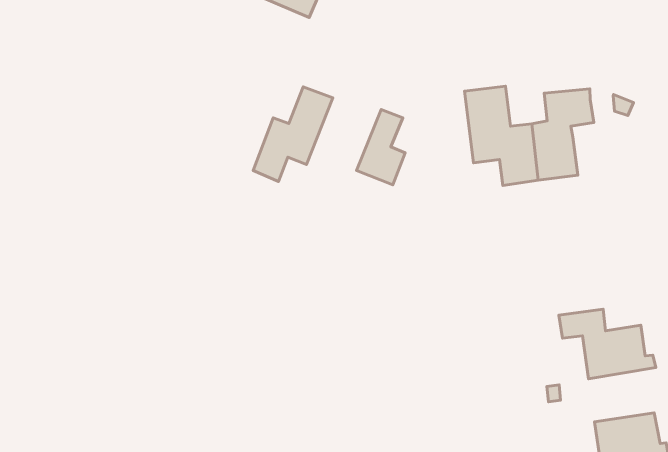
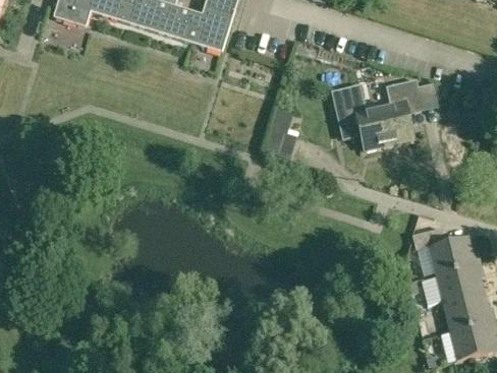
building: [253,87,333,181] -> none
building: none -> [435,261,482,302]

